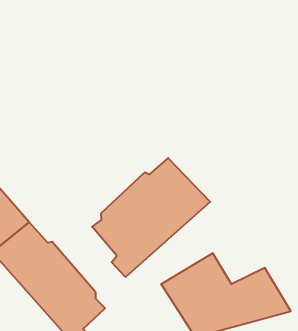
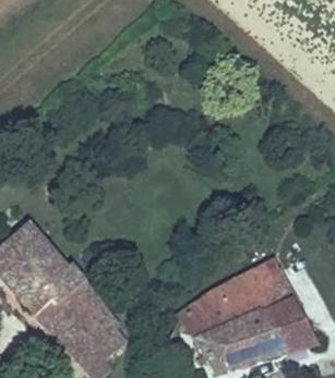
building: [92,158,210,277] -> none
building: none -> [237,261,291,314]

